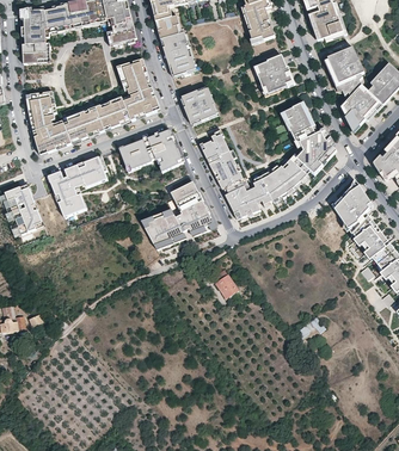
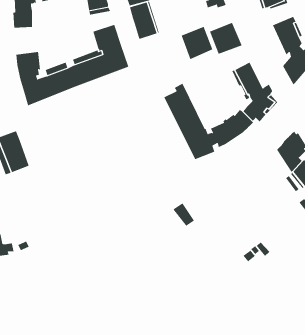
building: [180,86,219,125] -> [181,26,213,60]
building: [119,130,183,172] -> none
building: [54,157,113,218] -> none
building: [142,180,216,249] -> none

